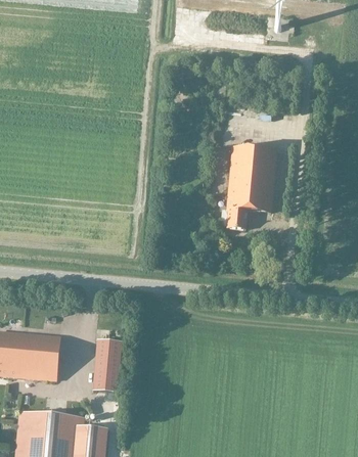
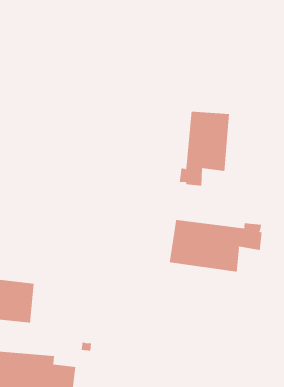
building: none -> [169,219,262,272]
building: [92,339,122,393] -> none

